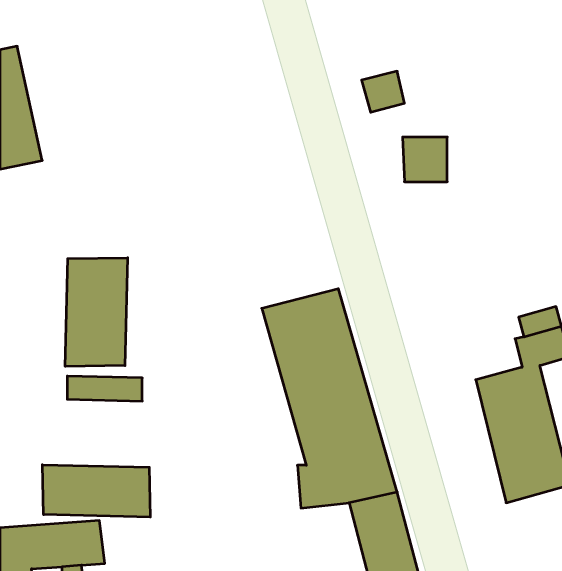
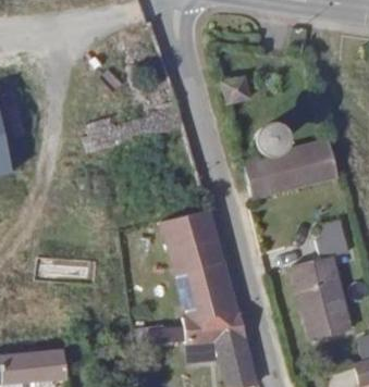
building: none -> [243,139,337,198]
building: [65,258,128,366] -> none
building: [42,465,150,517] -> none

